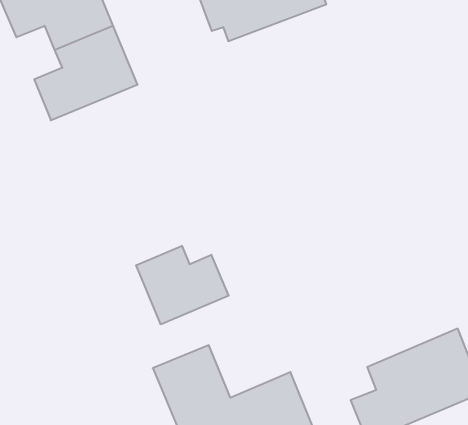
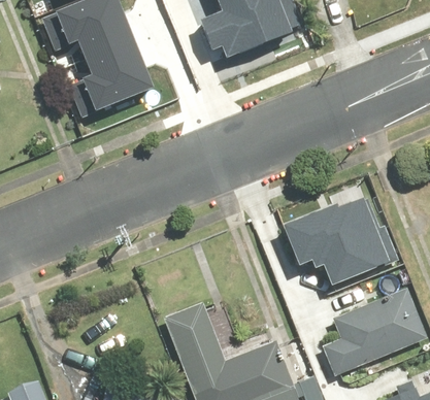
building: none -> [289,197,399,290]
building: [136,246,229,324] -> none

